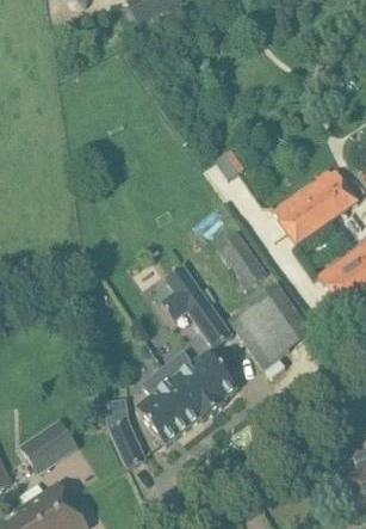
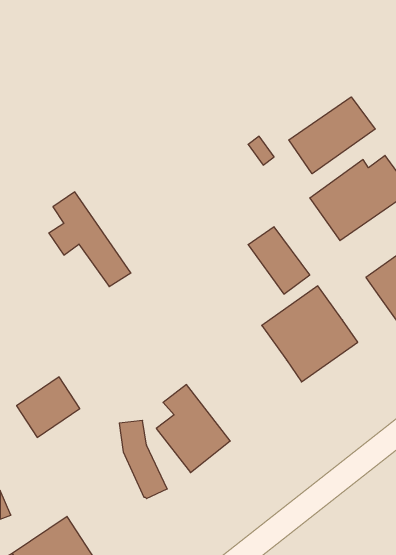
building: none -> [289,97,375,174]
building: [161,265,232,347] -> [49,192,131,287]
building: [162,351,237,420] -> none
building: [21,419,76,472] -> [17,377,80,437]

